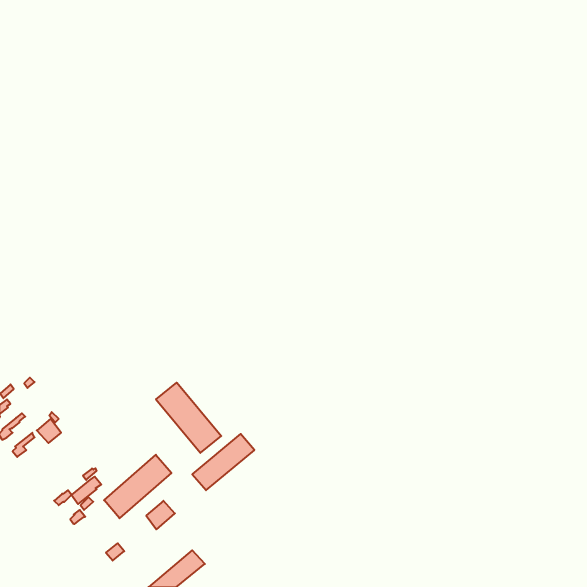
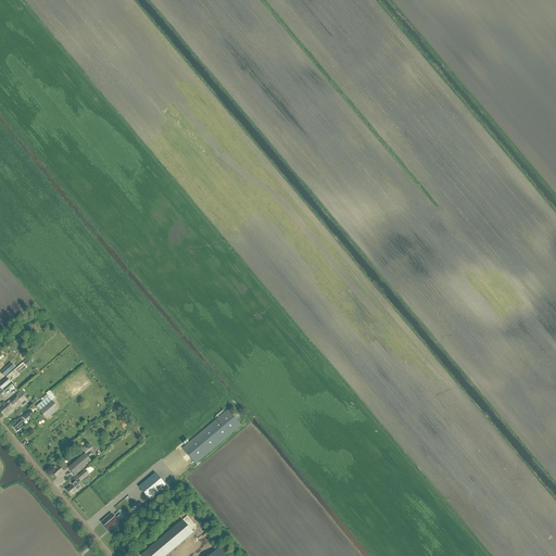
building: [156,383,221,453] -> none
building: [104,455,171,518] -> none

